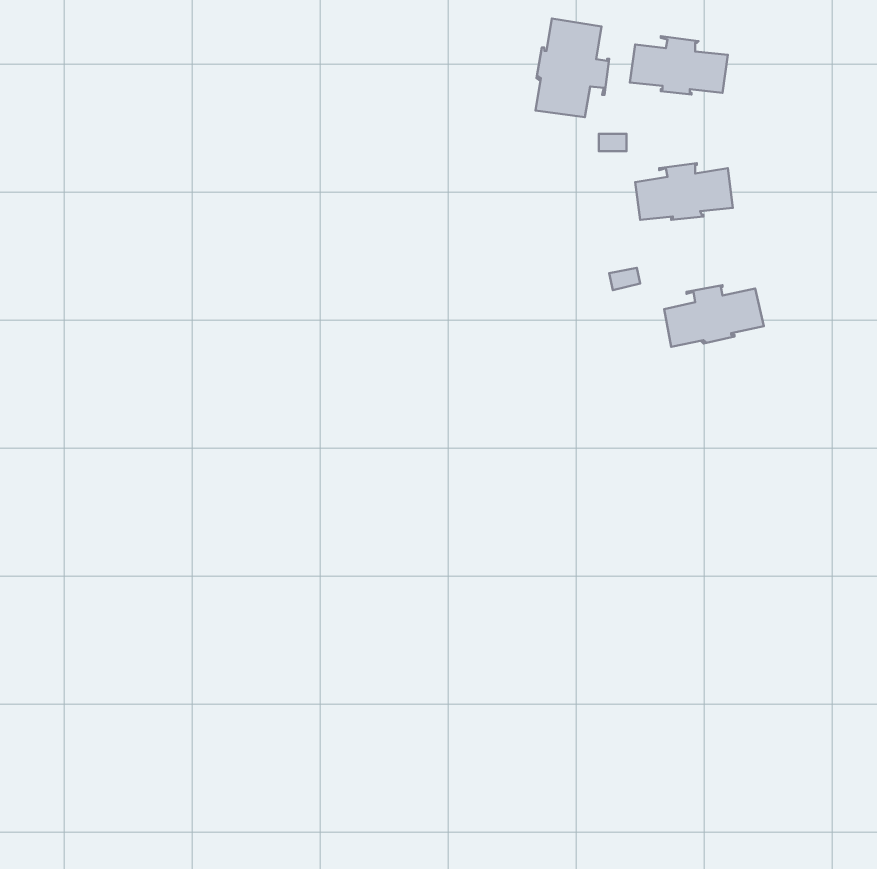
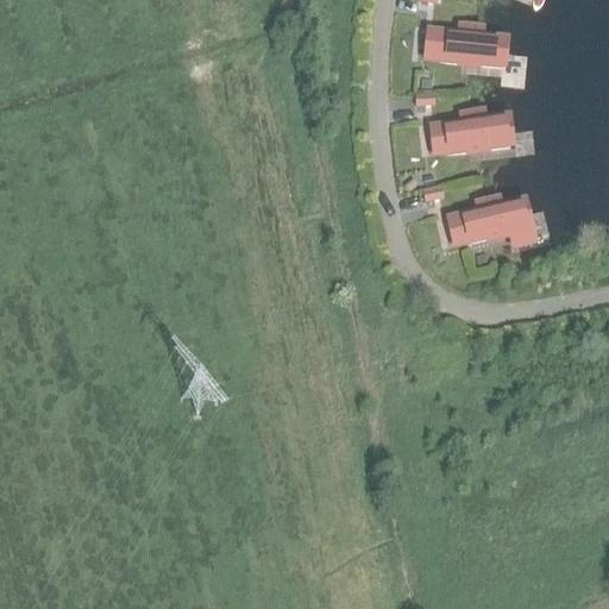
building: [536,19,609,117] -> none

